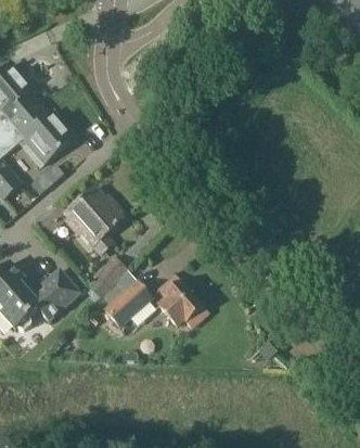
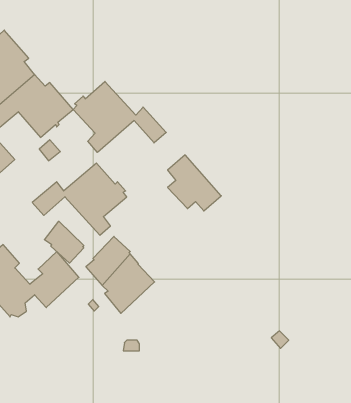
building: none -> [73,81,166,152]
building: none -> [44,221,84,263]
building: [158,274,208,327] -> [168,155,221,211]

